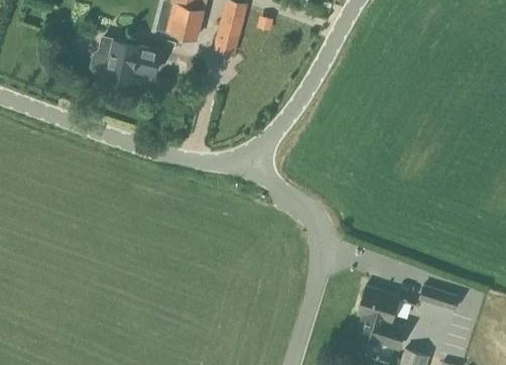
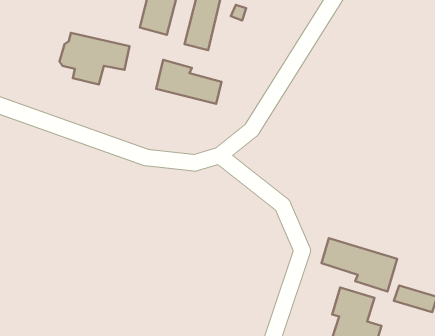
building: none -> [156,60,221,104]
building: none -> [322,238,397,292]

